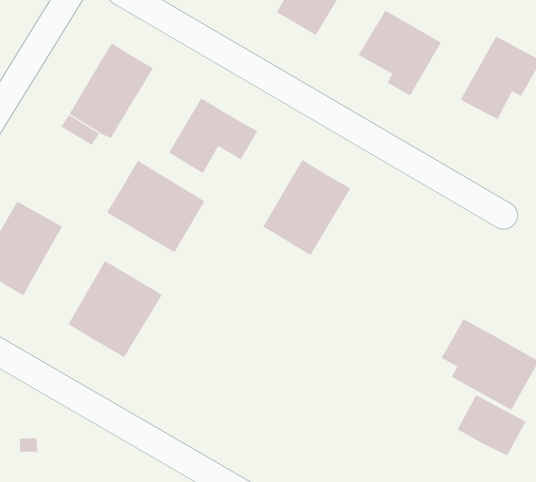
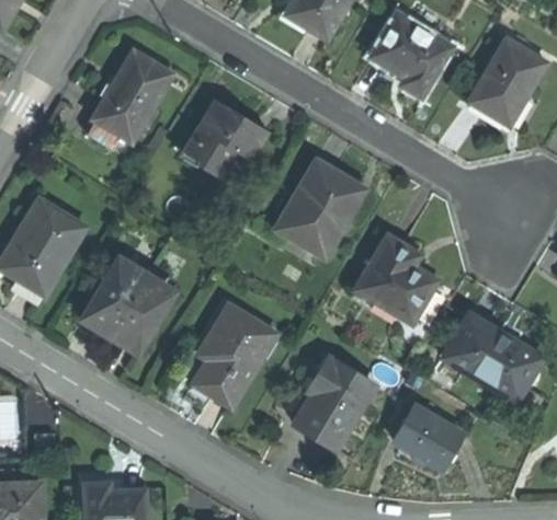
building: [106,160,205,253] -> none
building: none -> [357,236,439,323]
building: none -> [196,303,276,406]
building: none -> [296,358,375,449]
building: [457,395,526,456] -> [399,408,467,469]

